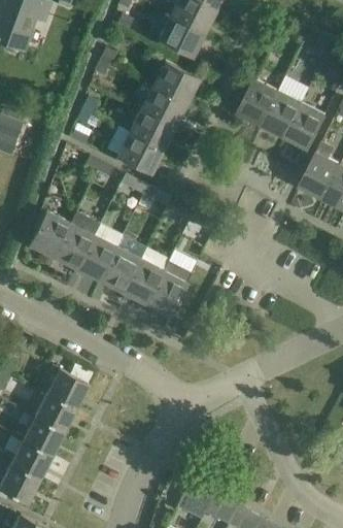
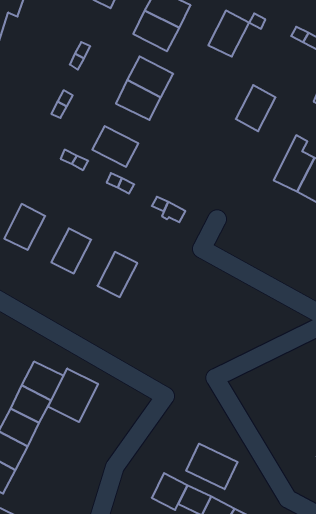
building: [238,78,279,125] -> [208,11,249,57]
building: [284,103,325,148] -> none
building: [130,109,175,150] -> none
building: [53,211,100,269] -> none
building: [99,246,140,293] -> none
building: [145,261,192,317] -> none
building: none -> [48,368,98,422]
building: none -> [186,444,238,489]

